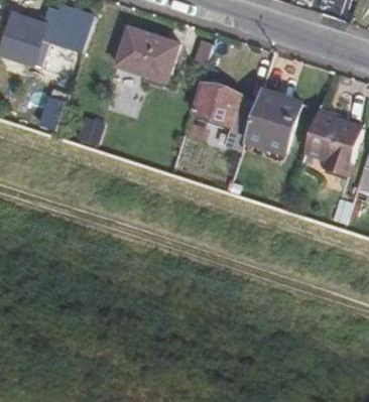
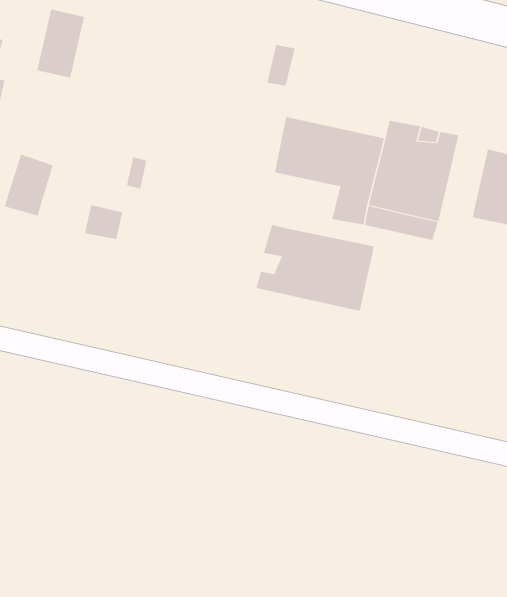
building: [114,28,178,85] -> none
building: none -> [256,224,375,312]

